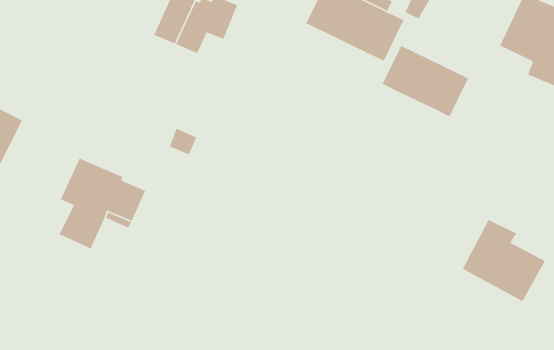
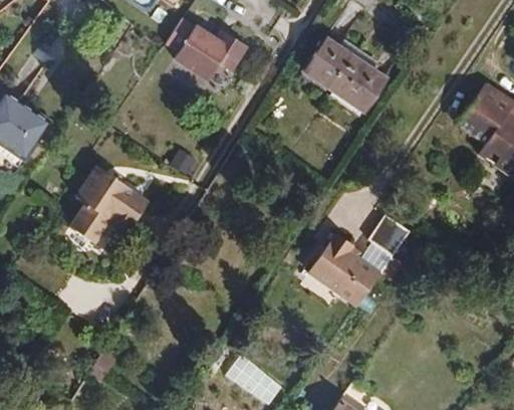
building: [382,45,469,118] -> none
building: none -> [369,215,411,254]
building: [462,219,546,302] -> [308,227,379,301]

